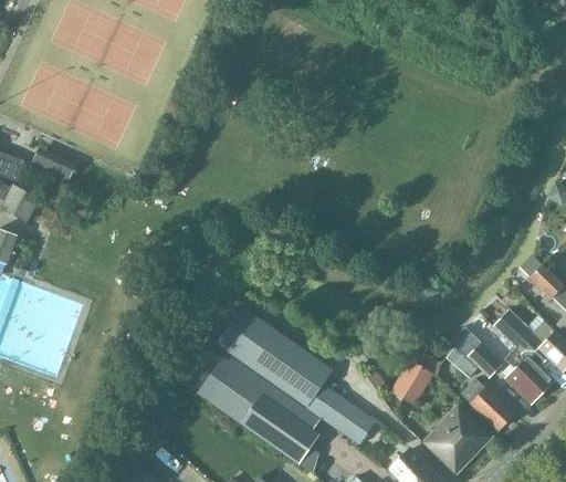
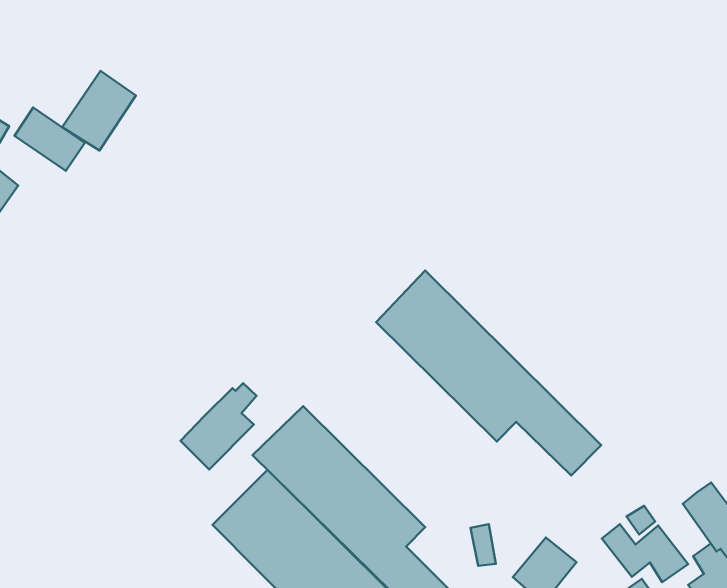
building: none -> [62,71,136,151]
building: none -> [376,270,601,476]
building: none -> [181,383,257,469]

